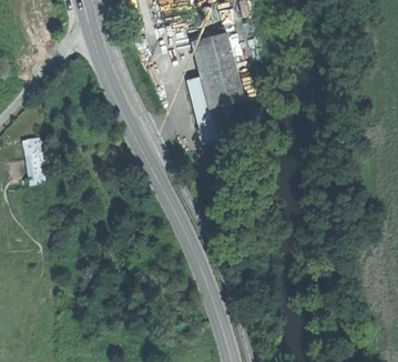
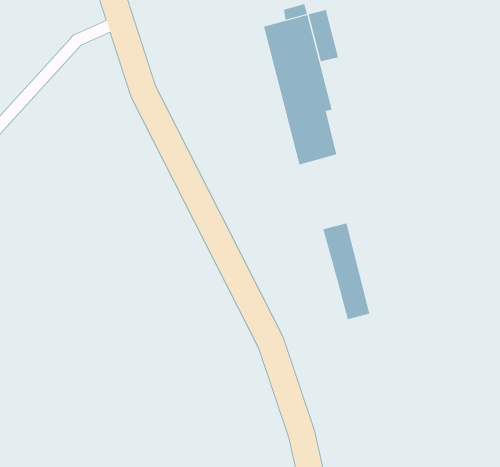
building: [186,73,221,143] -> [322,223,370,320]
building: [21,135,49,184] -> none

